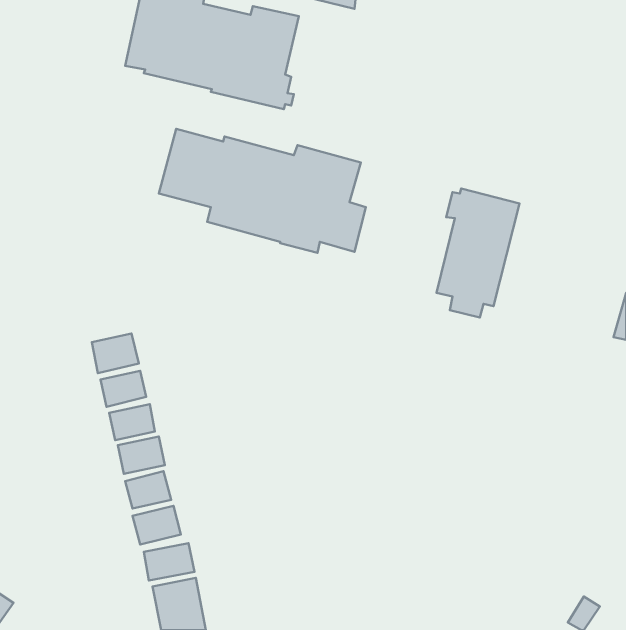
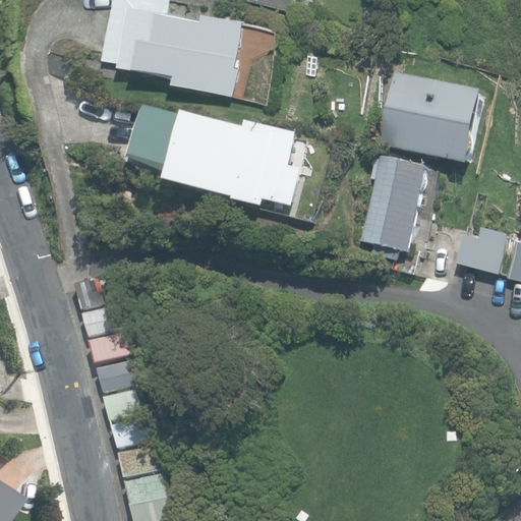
building: none -> [378,72,483,163]
building: none -> [454,227,506,273]

